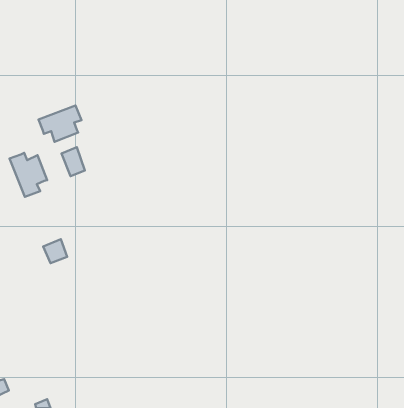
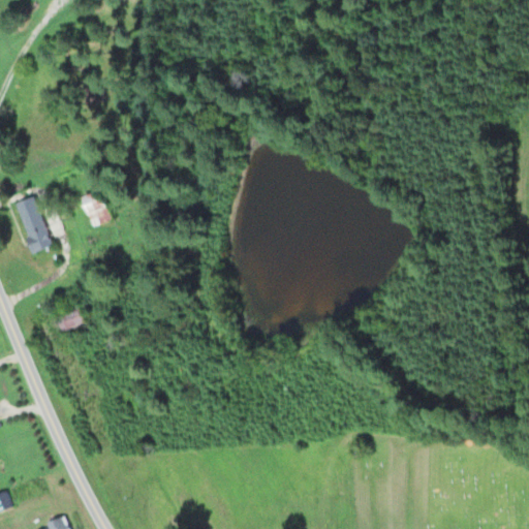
building: [38,105,81,142] -> none

